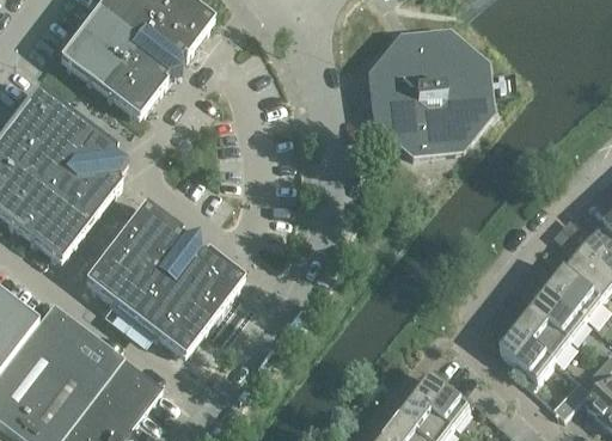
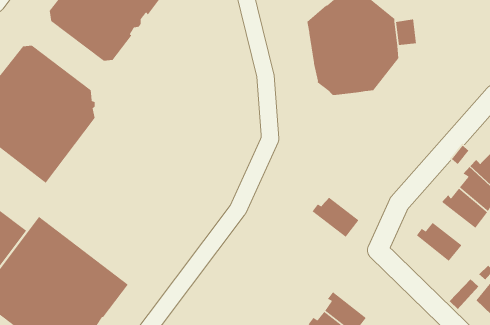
building: [84,202,244,356] -> none
building: [533,284,586,337] -> none
building: [500,325,553,379] -> none
building: [411,375,470,425] -> [312,197,359,238]

